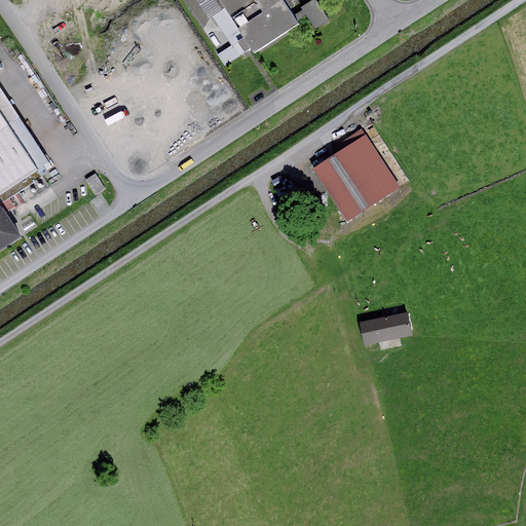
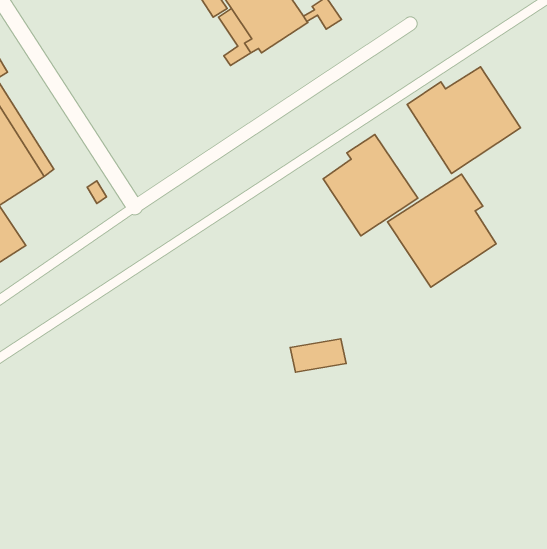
building: none -> [407,67,521,173]
building: none -> [388,174,496,287]
building: [355,312,409,344] -> [290,339,346,372]

